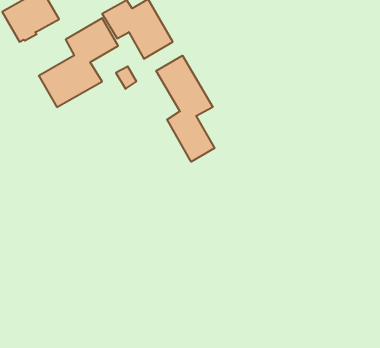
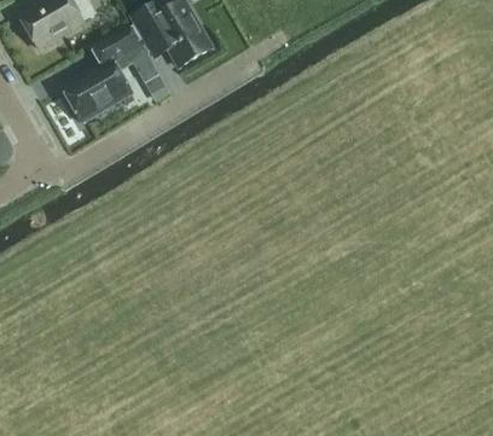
building: [156,56,215,162] -> none

